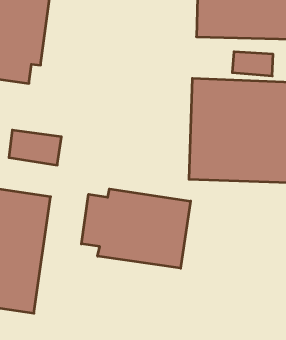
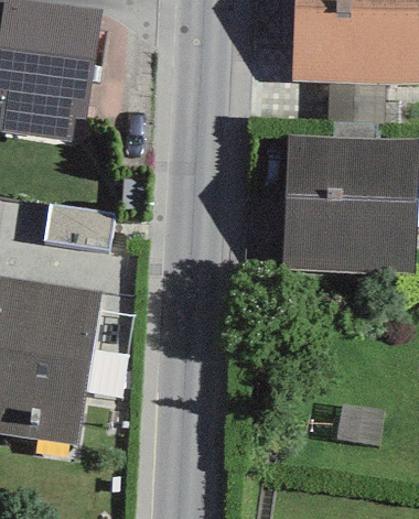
building: [81,189,191,268] -> none

